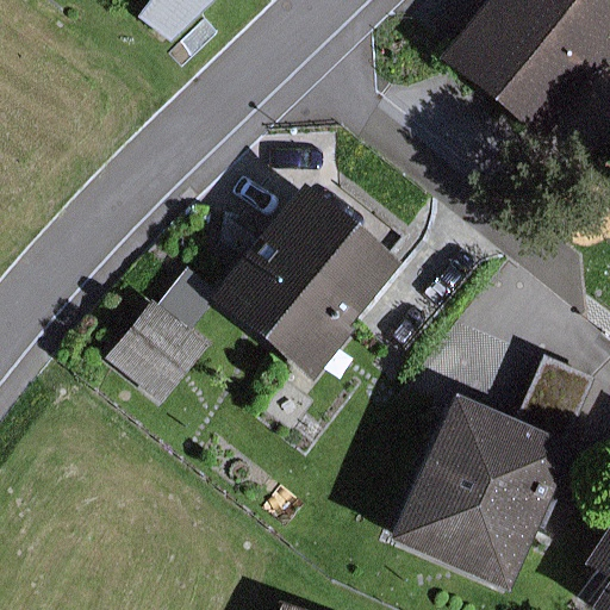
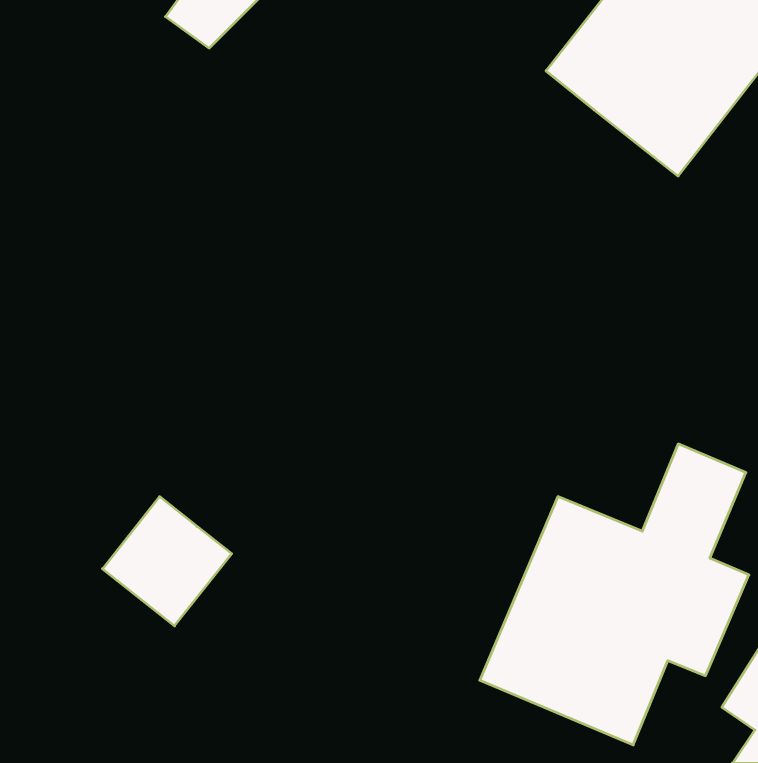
building: [211,183,413,380] -> none
building: [108,297,211,399] -> [102,497,232,626]

